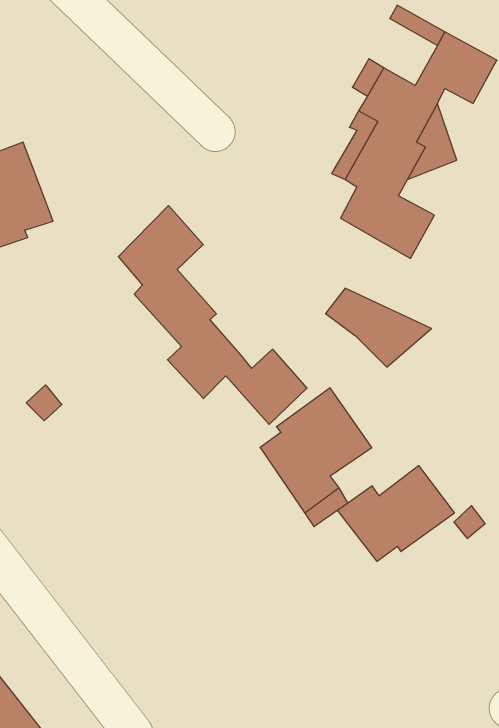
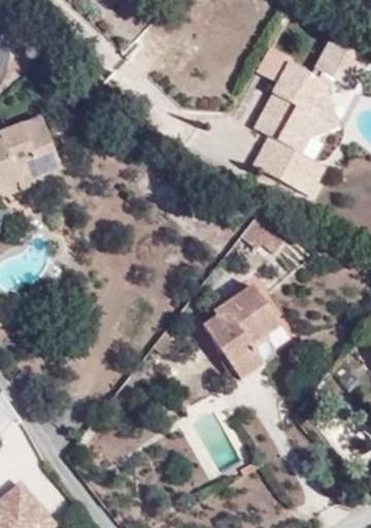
building: [118,206,307,424] -> none
building: [337,466,454,561] -> none

